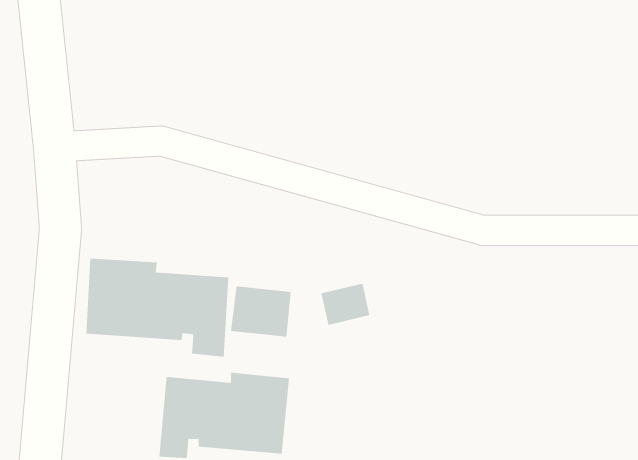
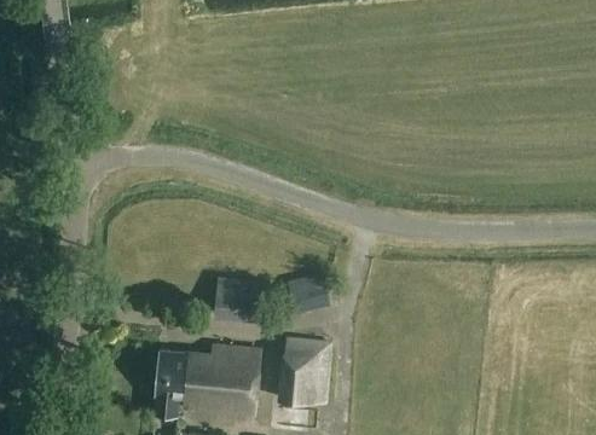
building: [86,258,229,358] -> none
building: none -> [280,341,330,405]

